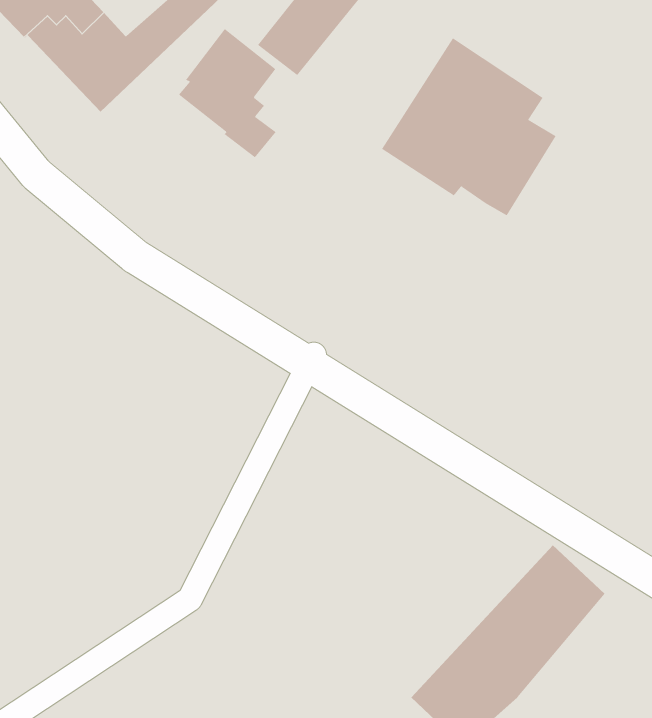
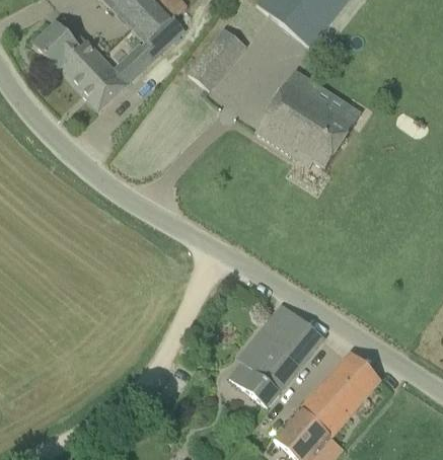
building: [178,28,276,158] -> none
building: none -> [229,303,323,406]

